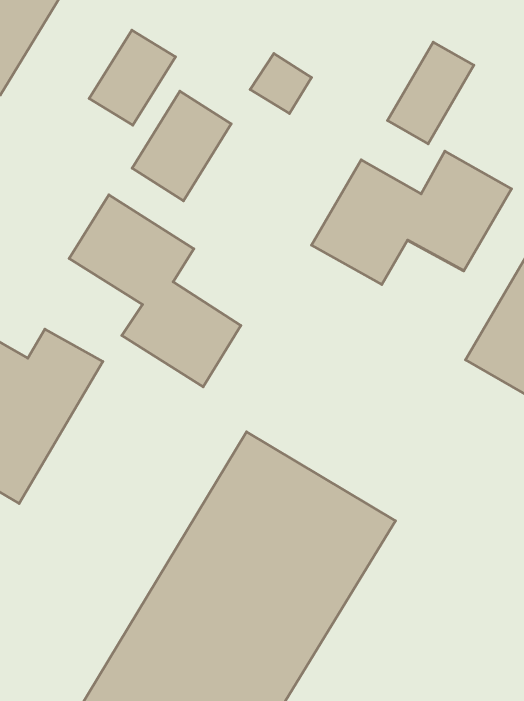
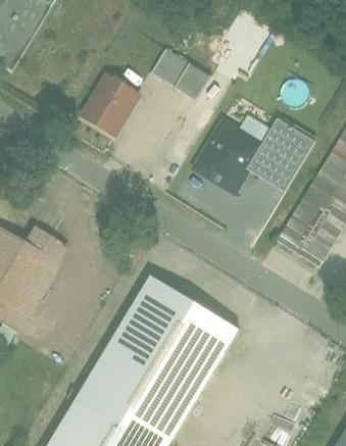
building: [89,30,175,125] -> none
building: [388,42,474,144] -> none
building: [69,195,241,387] -> none

